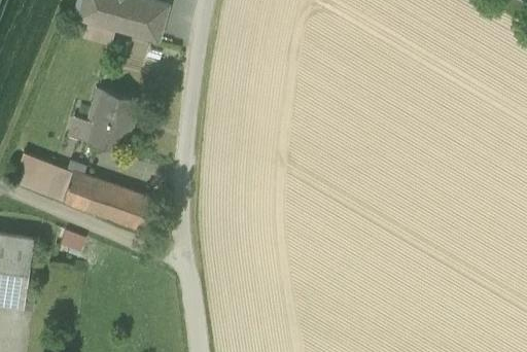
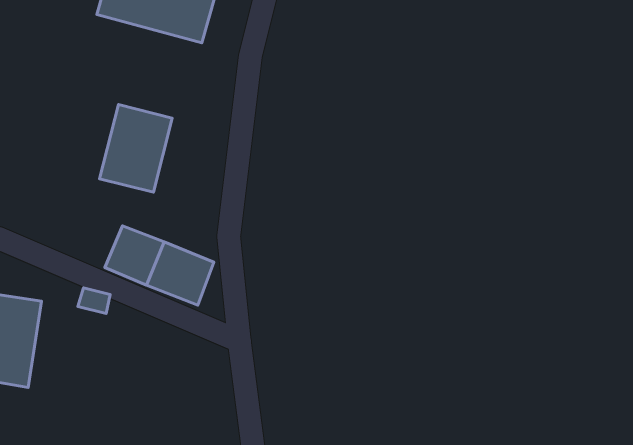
building: [17,162,97,211] -> none

